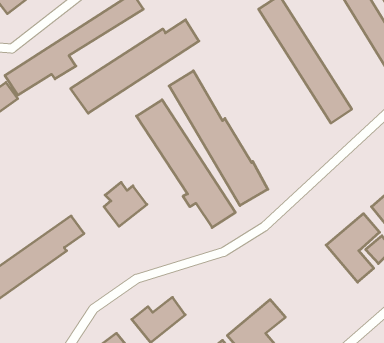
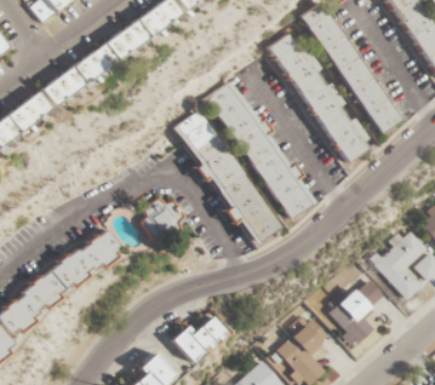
building: [71,20,199,113] -> none
building: none -> [274,34,372,163]
building: none -> [327,281,385,349]

